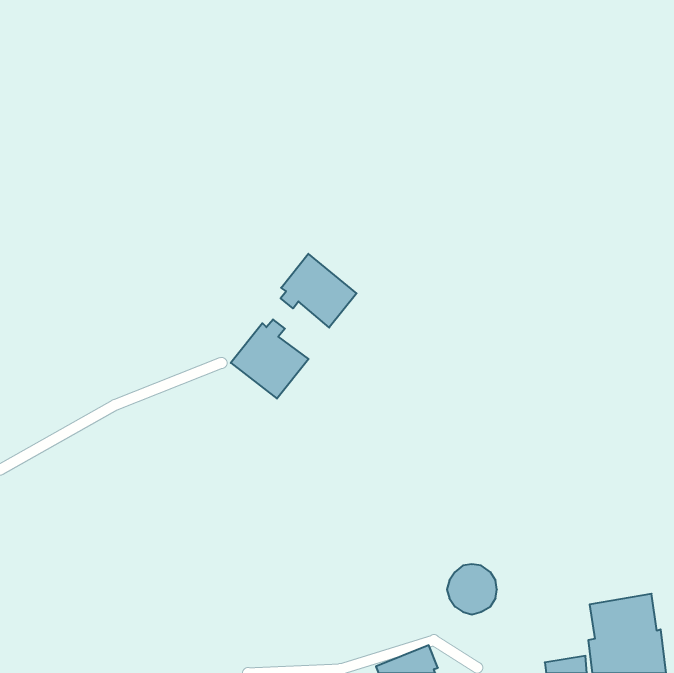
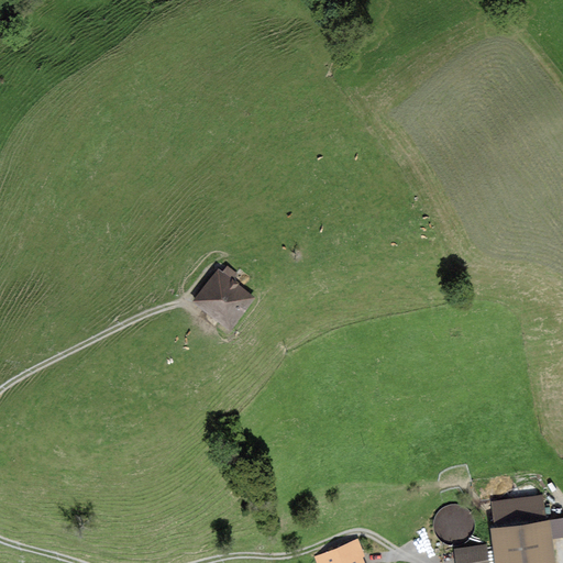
building: [281,254,357,328] -> none
building: [447,564,497,614] -> [433,505,475,547]

